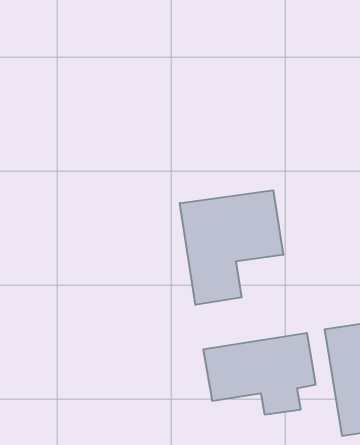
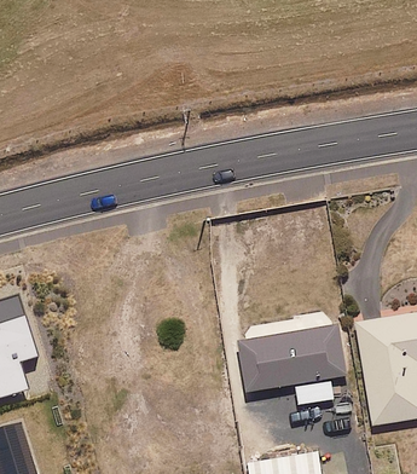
building: [180,190,283,305] -> none

